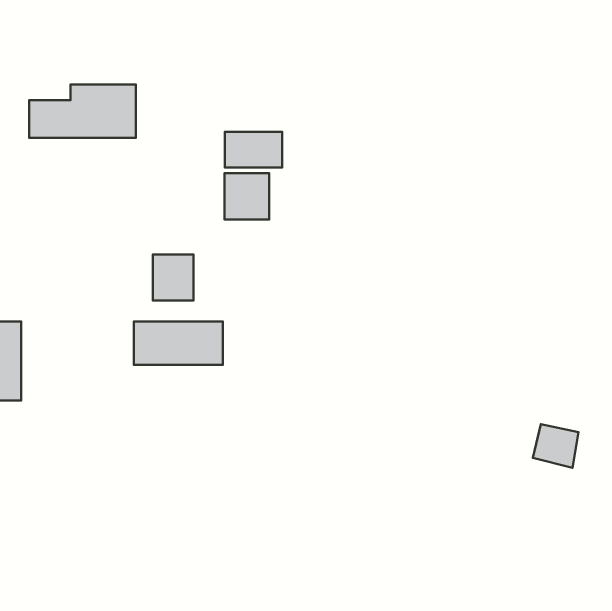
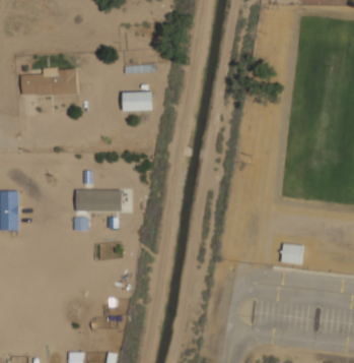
building: [224,173,269,219] -> none
building: [153,255,194,301] -> none

